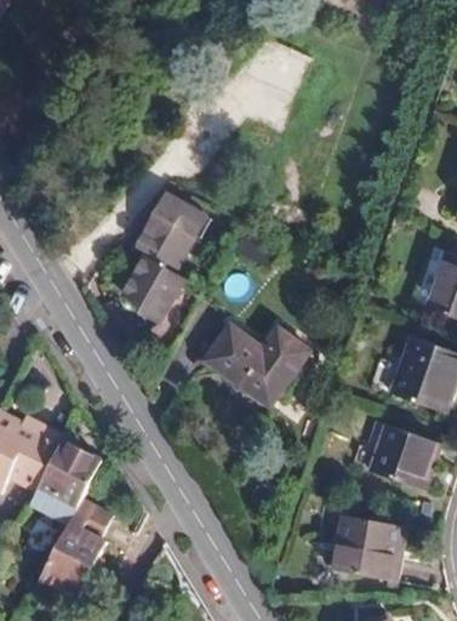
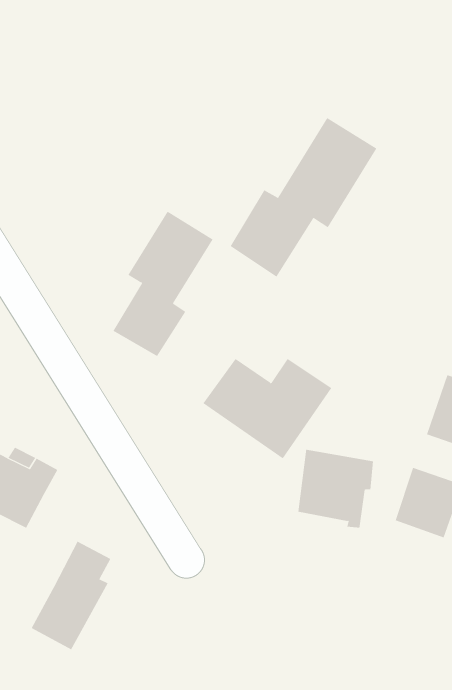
building: none -> [230,117,377,277]
building: [23,444,96,525] -> none
building: [329,512,396,582] -> [297,449,374,528]

